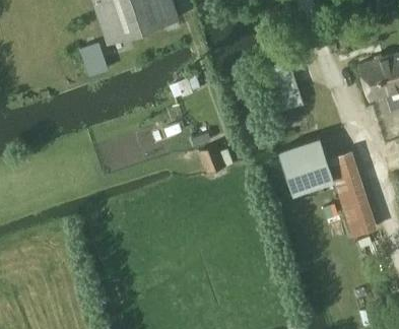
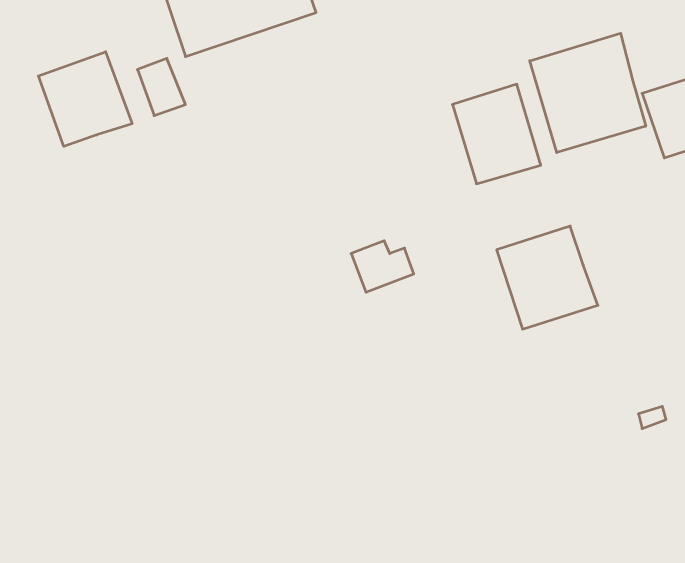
building: none -> [530,33,646,153]
building: none -> [38,52,132,146]
building: [327,152,378,240] -> none

